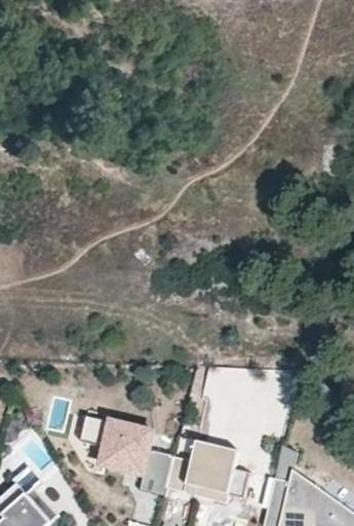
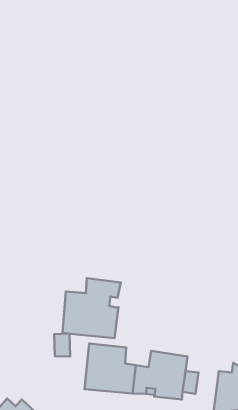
building: none -> [62,278,121,338]

